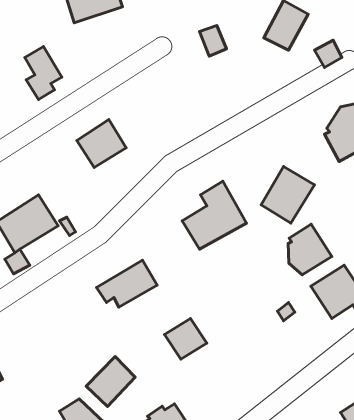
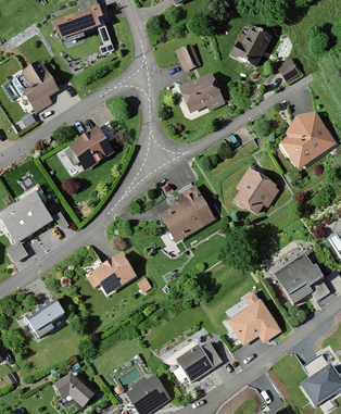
building: none -> [178,73,220,111]
building: [288,224,332,275] -> none
building: none -> [25,292,67,331]
building: none -> [227,300,280,343]
building: [165,318,207,359] -> [175,344,212,380]
building: [86,357,135,406] -> none

